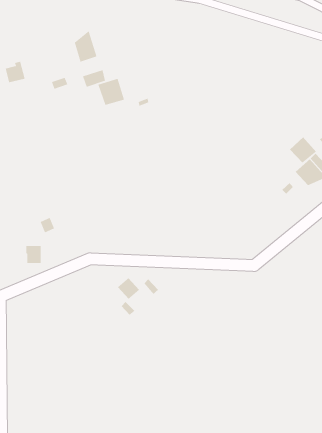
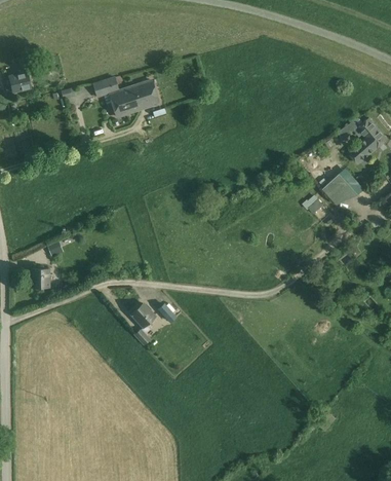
building: [74,30,97,63] -> none
building: none -> [130,80,157,110]
building: [289,137,317,164] -> none

